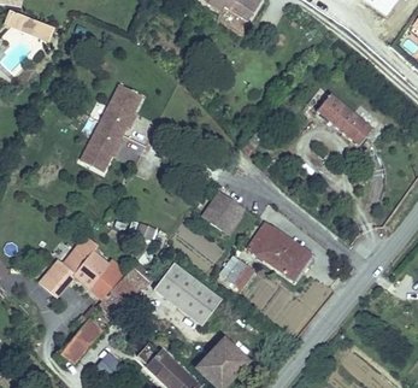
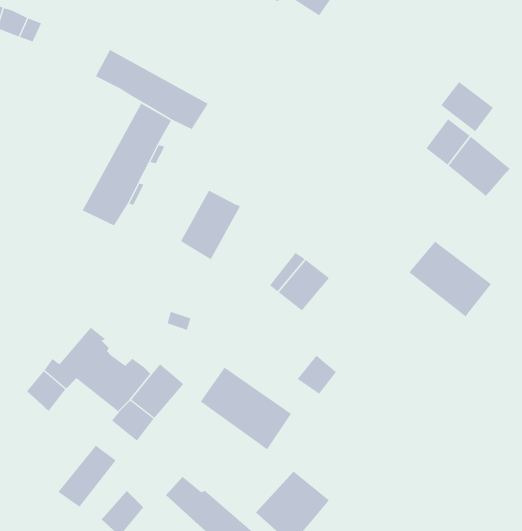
building: none -> [95,49,209,130]
building: none -> [441,81,494,132]
building: none -> [180,190,241,260]
building: [251,221,308,274] -> [409,241,492,317]

